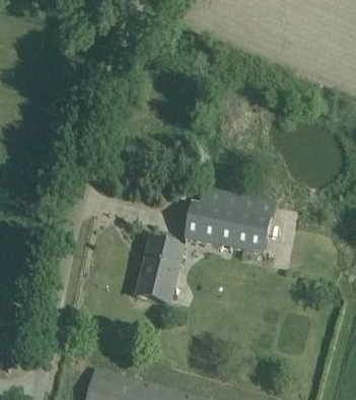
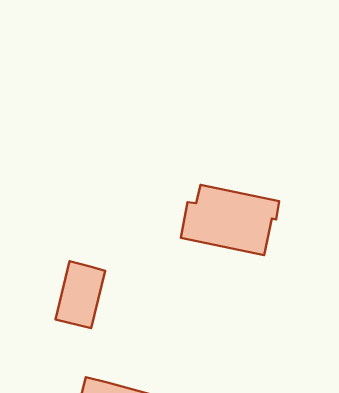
building: [136,241,183,304] -> [56,261,105,328]

